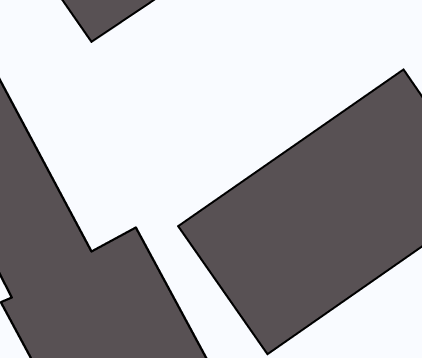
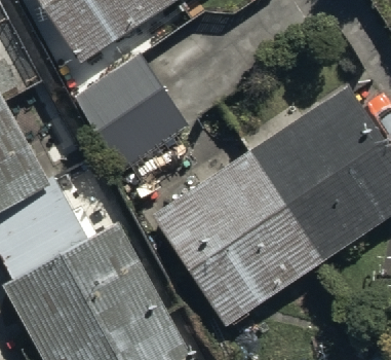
building: none -> [69,56,186,184]

